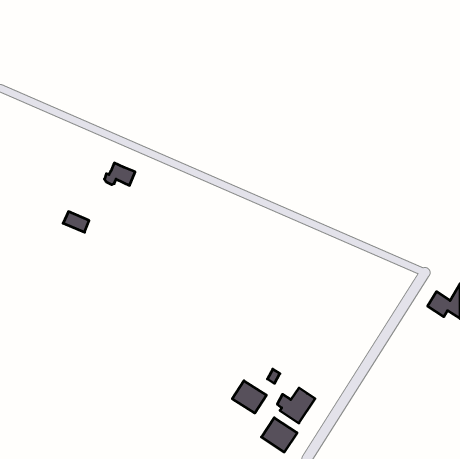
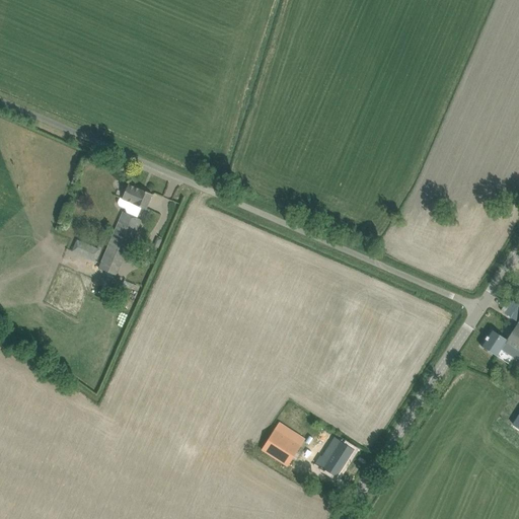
building: none -> [98,210,142,275]
building: [261,418,297,452] -> none

